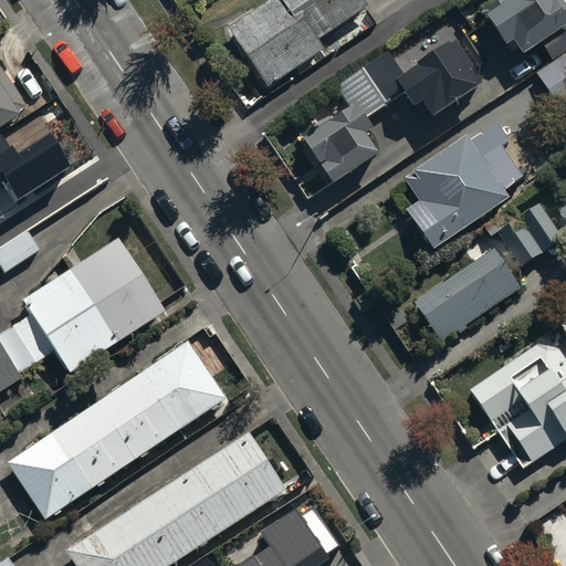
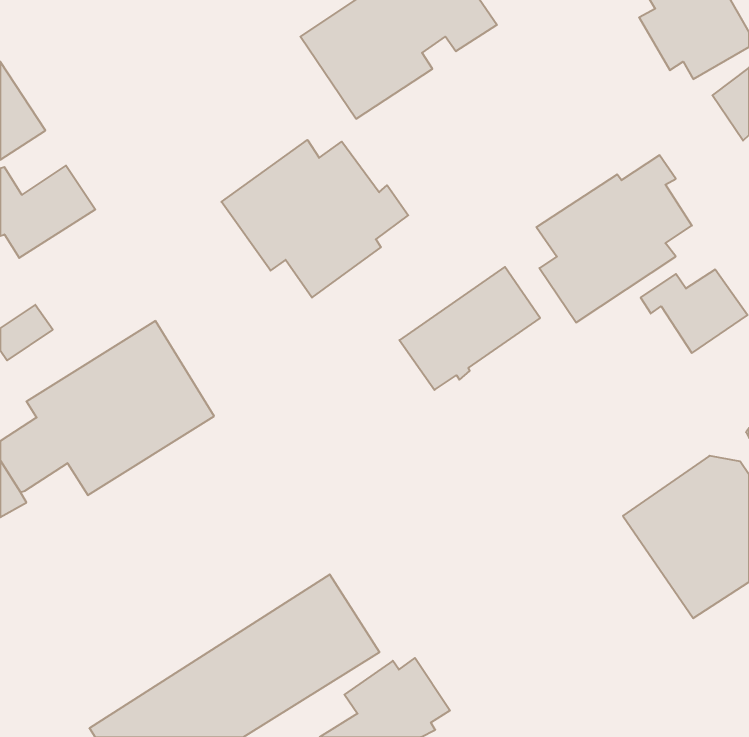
building: [302,50,473,190] -> none
building: none -> [221,140,408,298]
building: [415,248,521,340] -> [399,267,540,390]
building: [7,342,226,520] -> none

